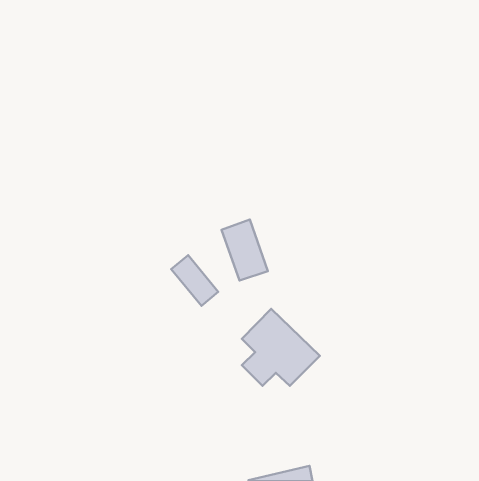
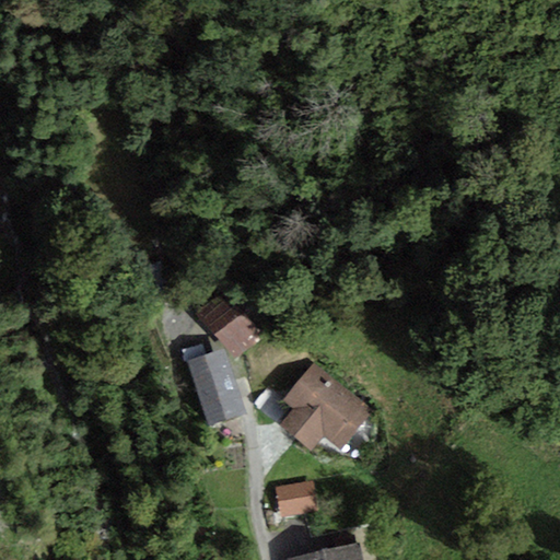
building: [222,219,268,281] -> [188,352,242,423]
building: none -> [277,483,319,522]

